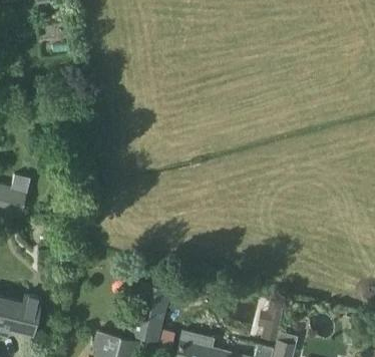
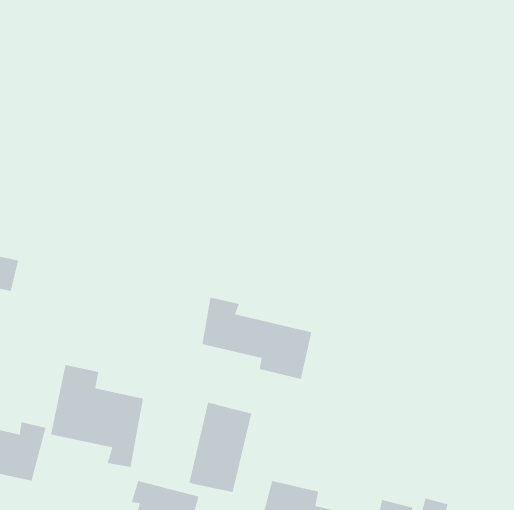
building: none -> [201,297,312,380]
building: none -> [50,364,144,468]

